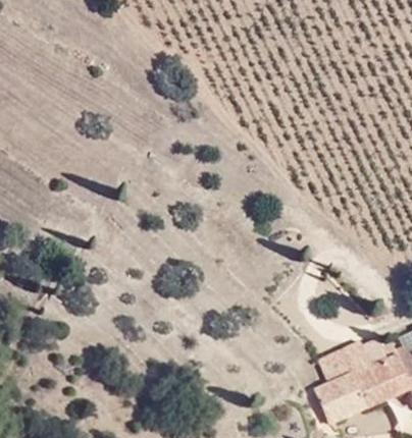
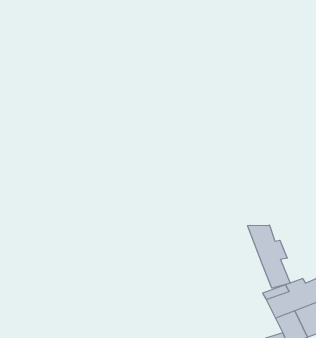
building: none -> [248,225,290,288]

